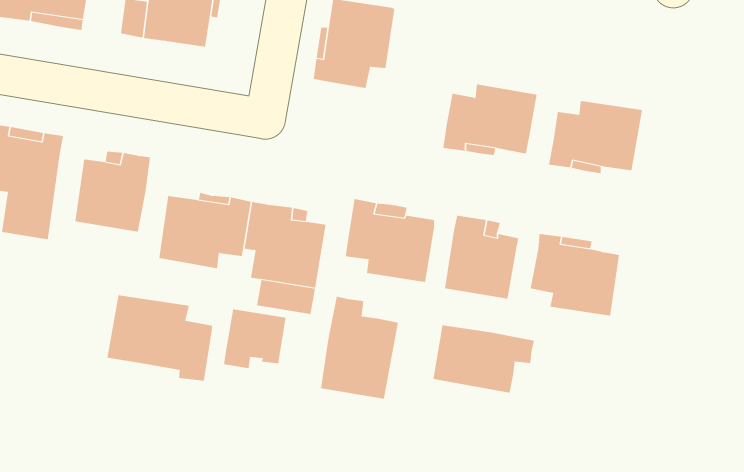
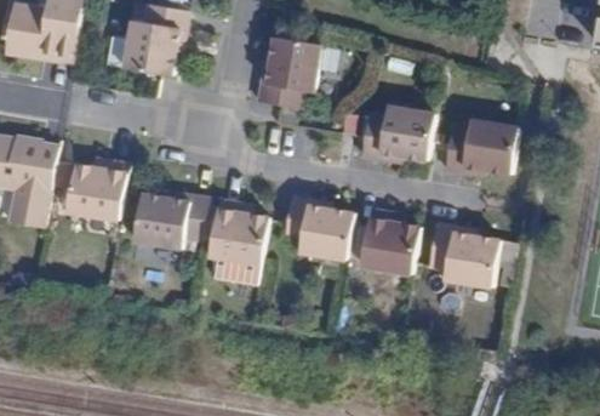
building: [107,295,213,381] -> none
building: [321,296,399,400] -> none
building: [224,309,286,369] -> none
building: [433,325,534,393] -> none

